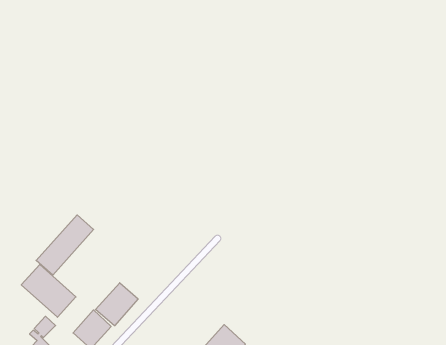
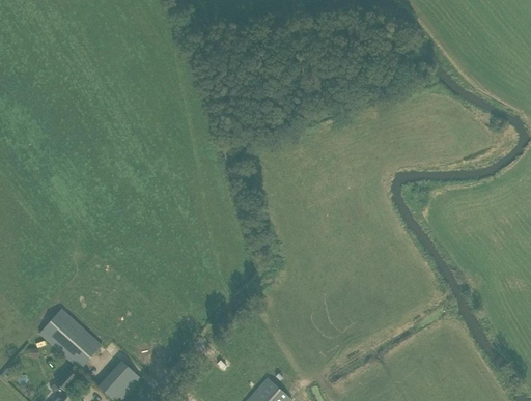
building: [36,215,94,275] -> none
building: [95,283,138,326] -> none

